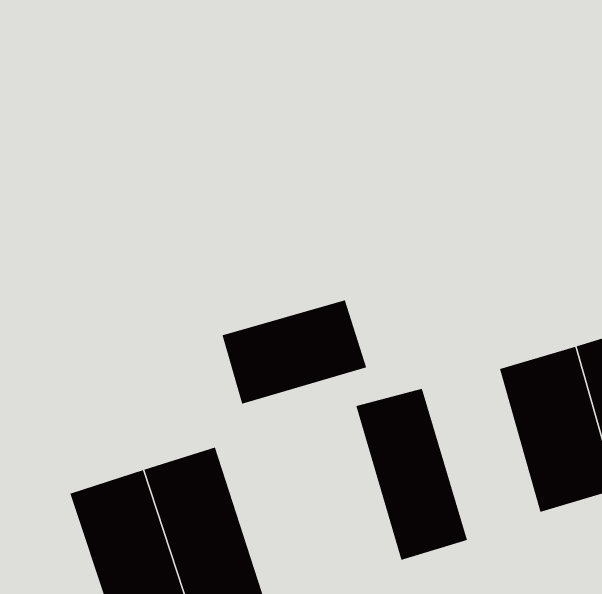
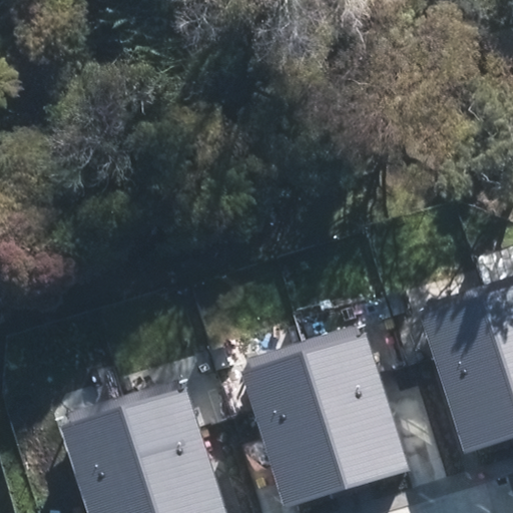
building: [222,299,367,405] -> none
building: none -> [239,355,344,503]

